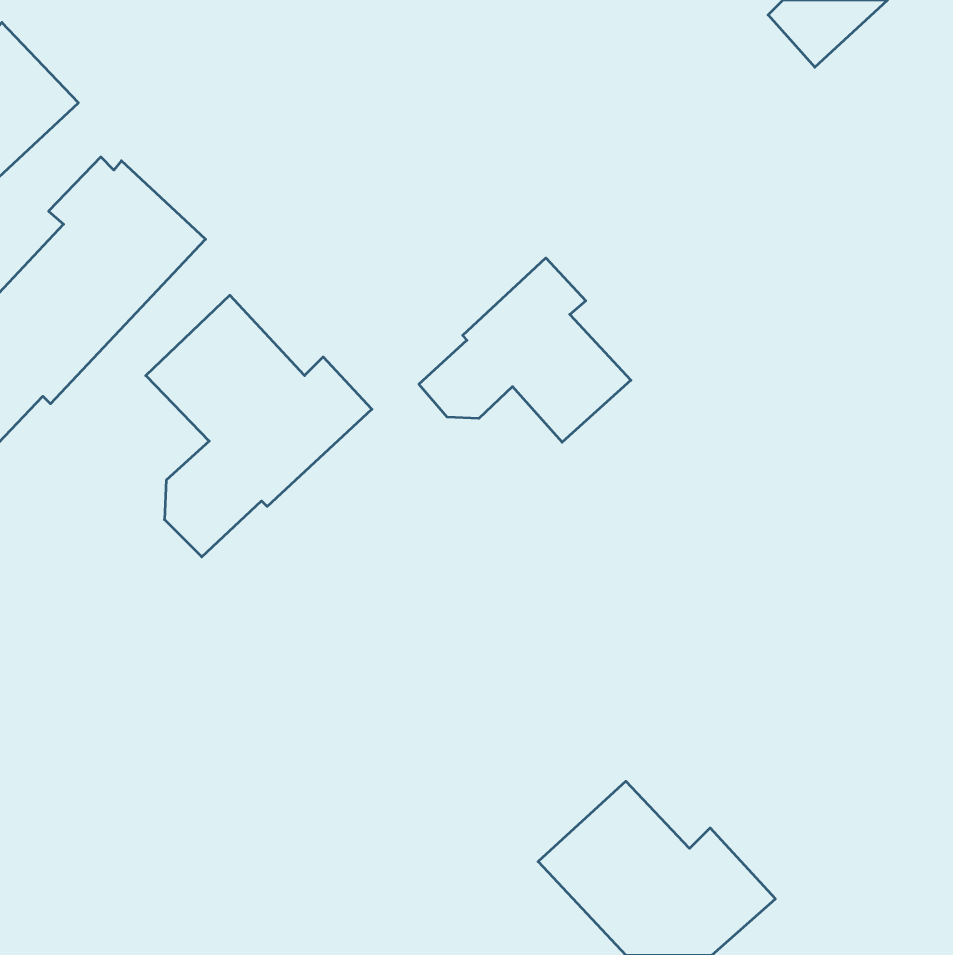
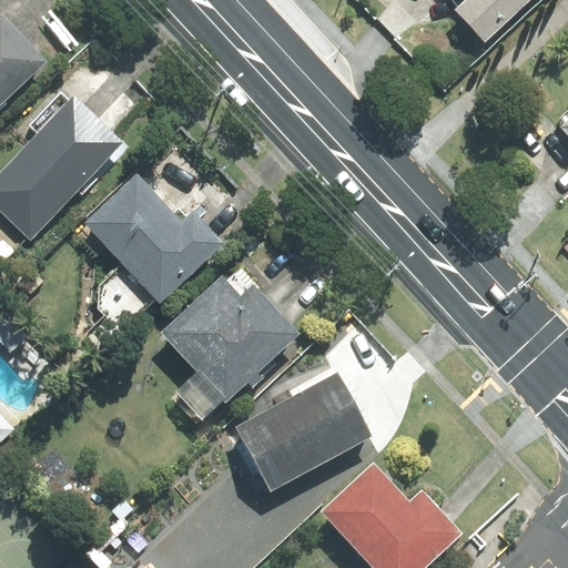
building: [419,258,631,442] -> none
building: none -> [160,266,300,418]
building: none -> [236,373,371,490]

